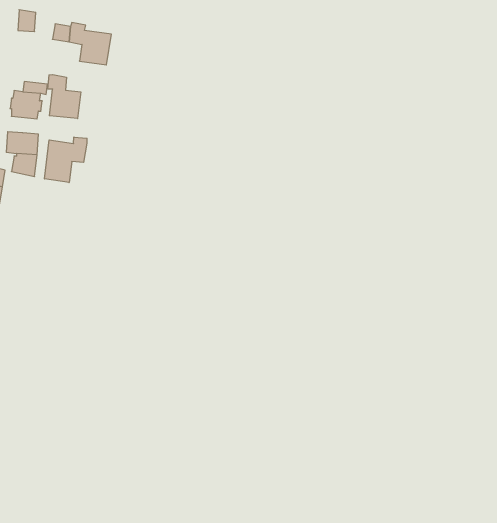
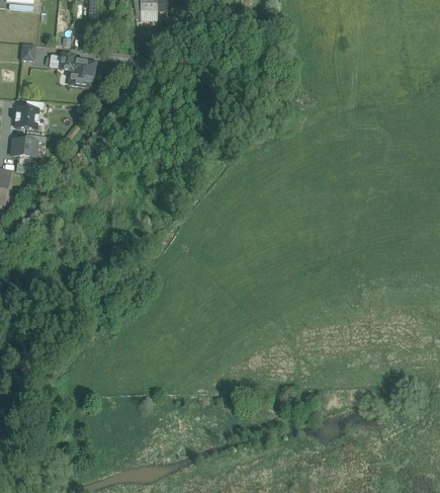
building: [48,75,81,119] -> none
building: [45,137,87,183] -> none

